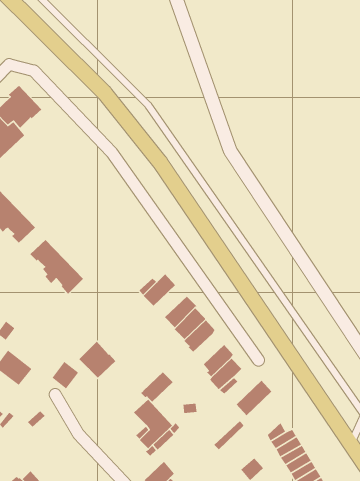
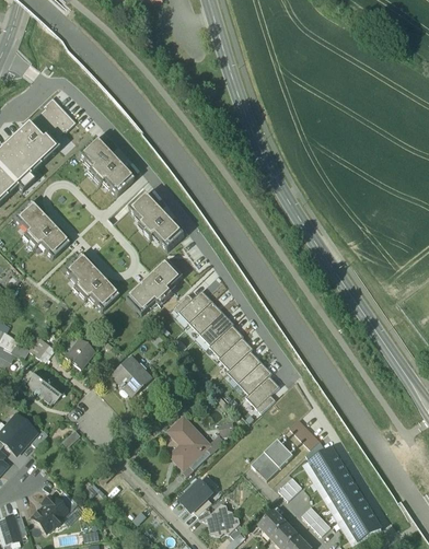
building: none -> [76,139,131,195]
building: none -> [128,192,183,249]
building: none -> [125,259,182,314]
building: none -> [188,301,222,334]
building: [51,361,79,390] -> [63,339,92,369]
building: [140,372,173,403] -> [227,350,260,382]
building: [236,380,272,416] -> [255,444,292,481]

